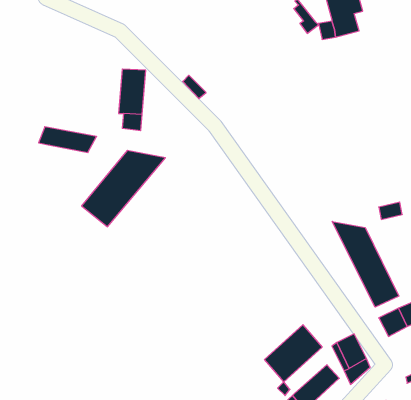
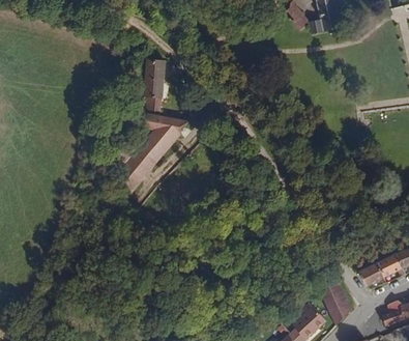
building: [39,127,97,153] -> [139,113,187,135]
building: [332,221,399,307] -> none
building: [265,325,322,382] -> none

